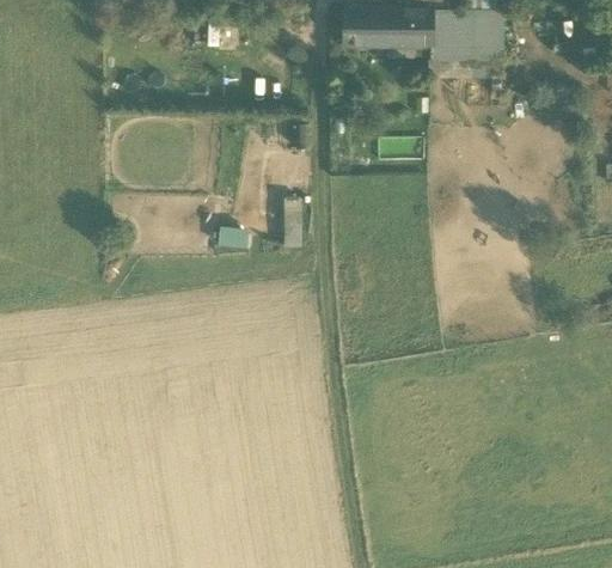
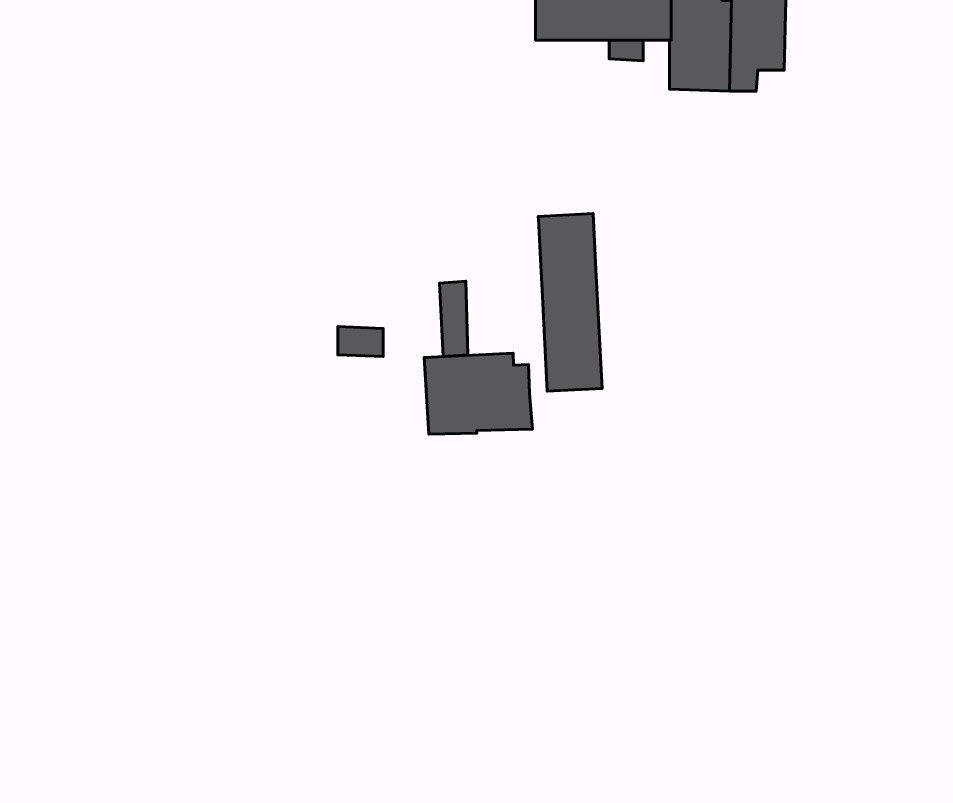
building: none -> [538,214,602,391]
building: none -> [424,353,533,434]

